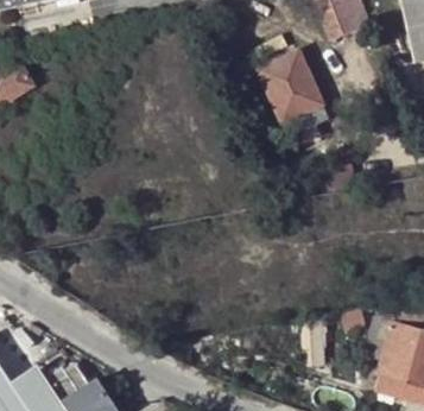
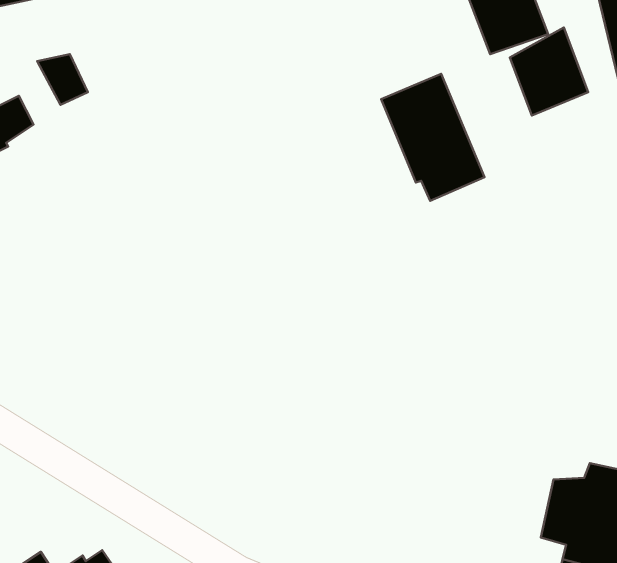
building: none -> [510,27,588,115]

